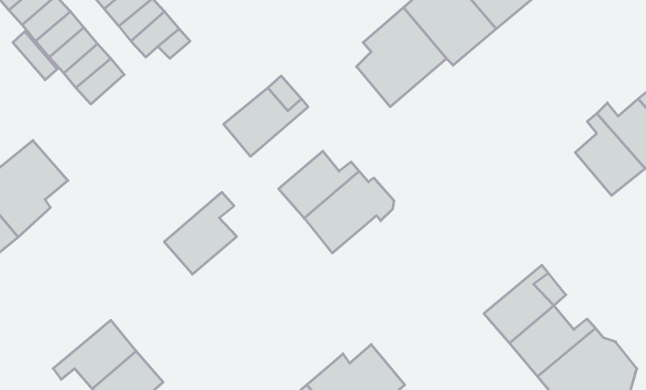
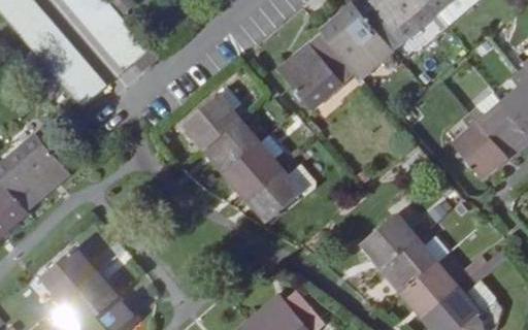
building: [164,192,237,274] -> [203,110,259,173]
building: none -> [361,216,427,269]
building: none -> [39,249,96,311]

